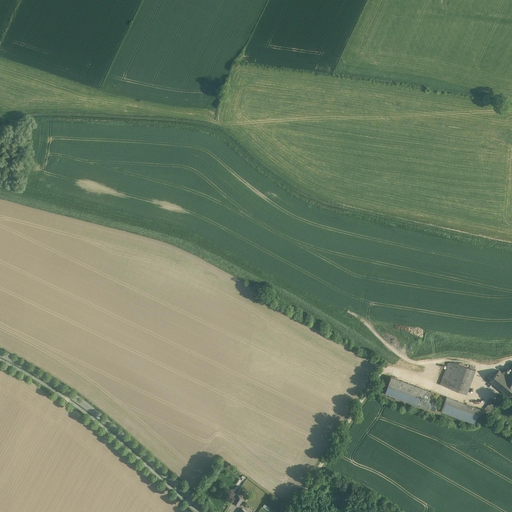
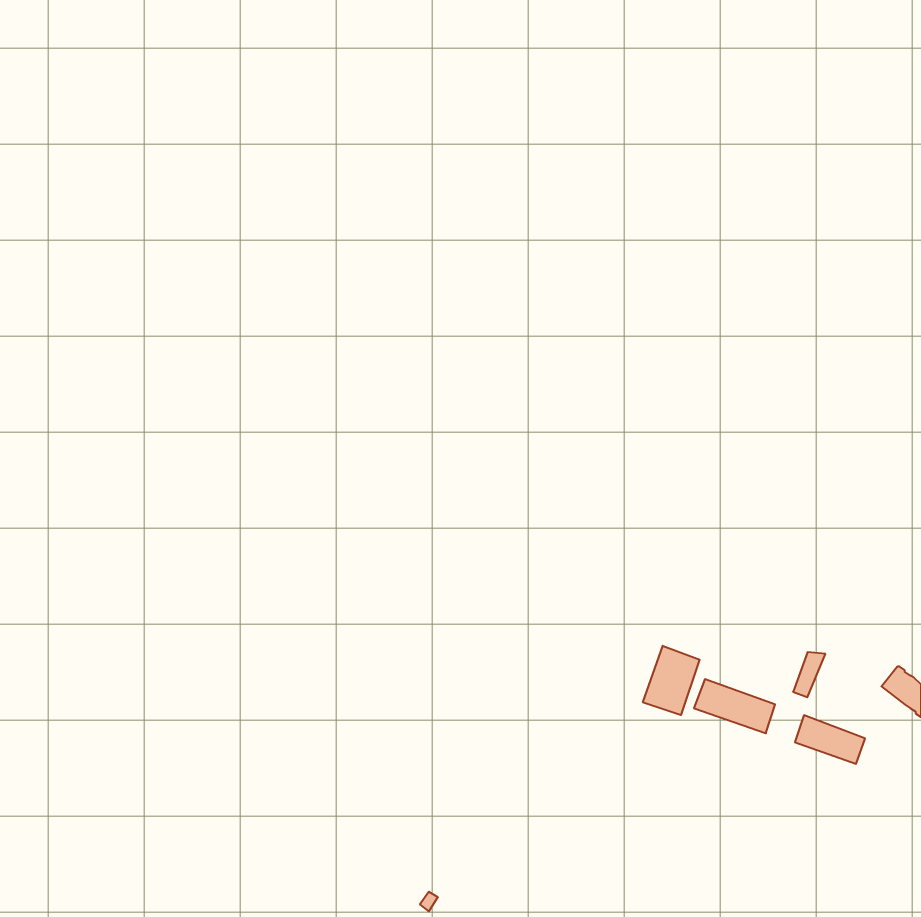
building: none -> [643,646,700,715]
building: [448,365,476,396] -> none

